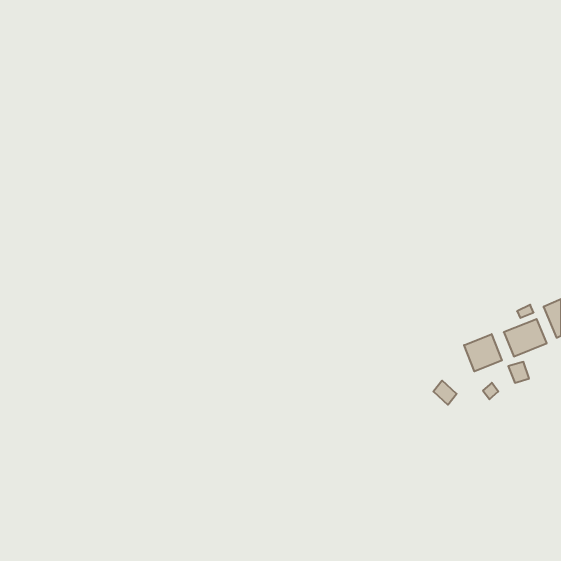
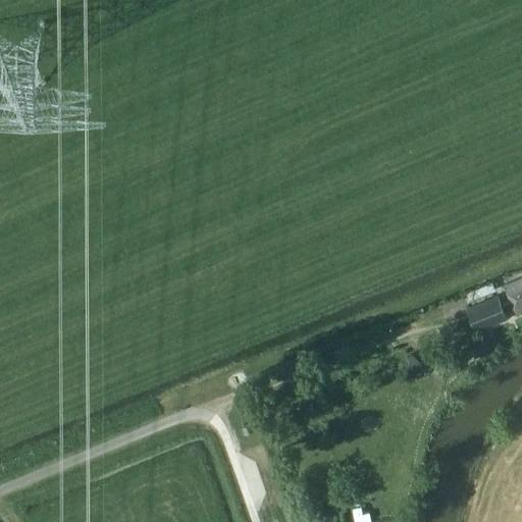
building: [464,334,502,371] -> none

